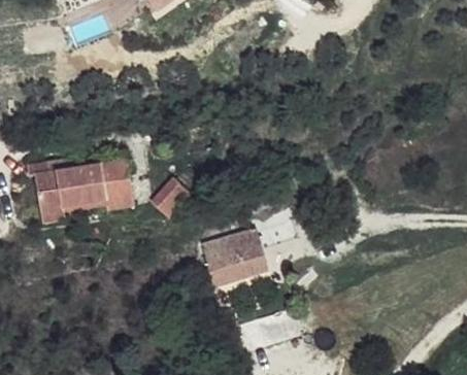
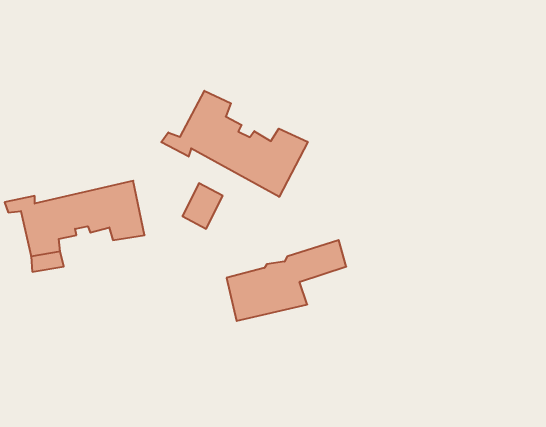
building: none -> [161,91,308,197]

